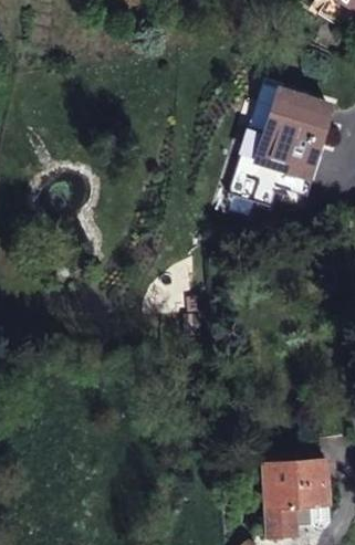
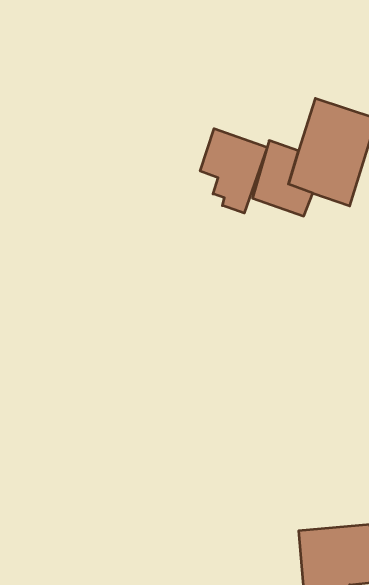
building: none -> [200,129,267,213]

